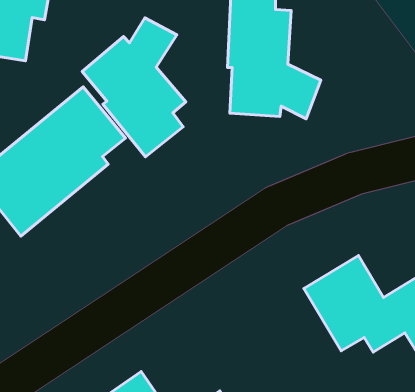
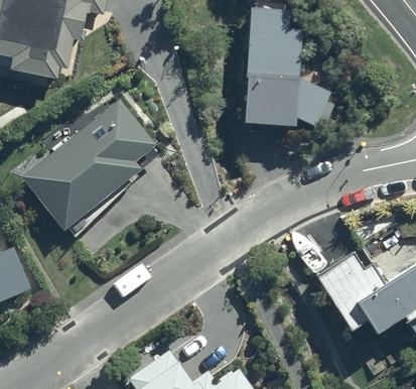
building: [82,18,186,157] -> none

